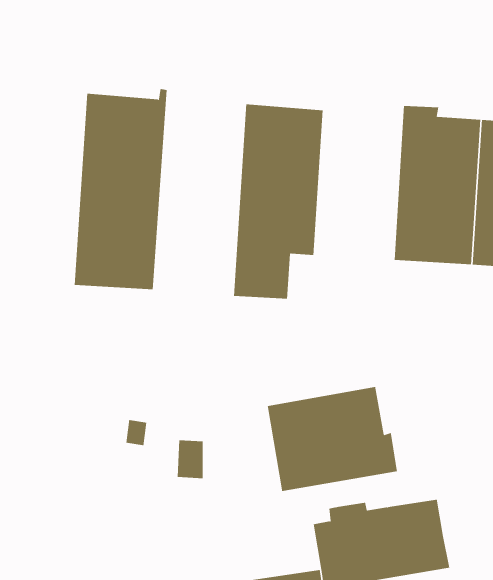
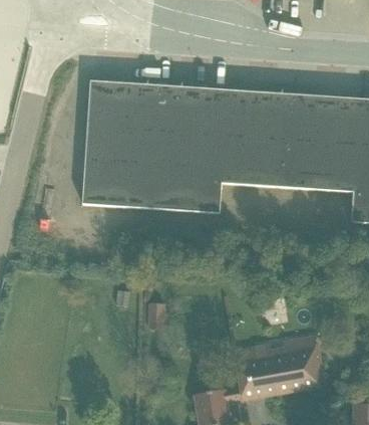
building: none -> [133,77,193,210]
building: none -> [237,85,294,187]
building: [267,386,398,492] -> none

